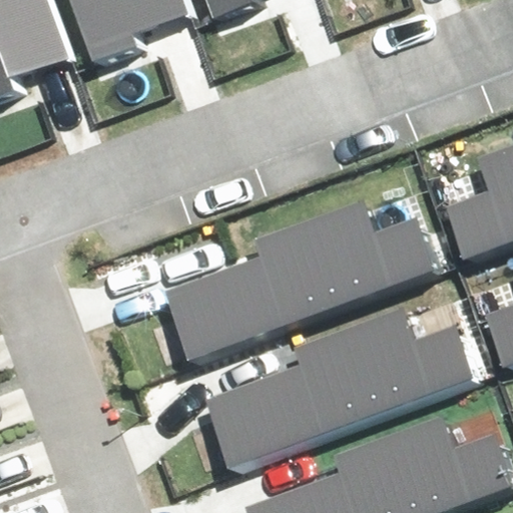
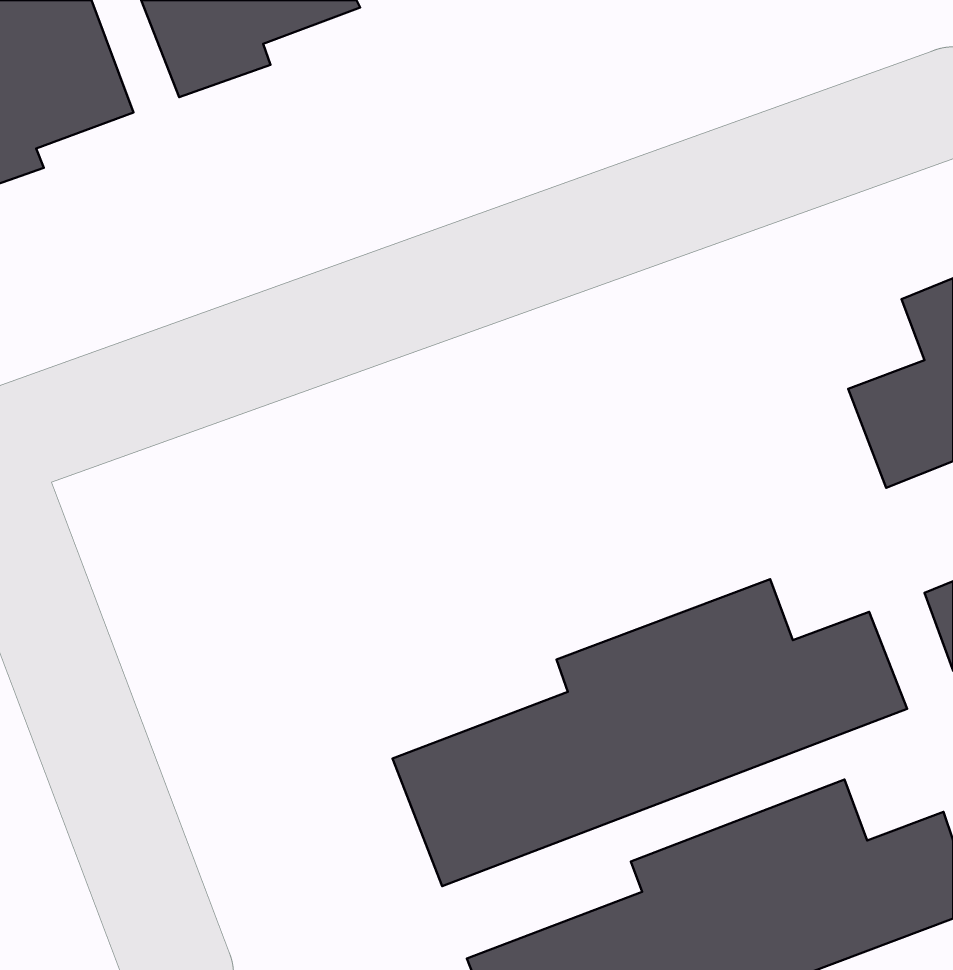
building: [167,201,438,363] -> none

